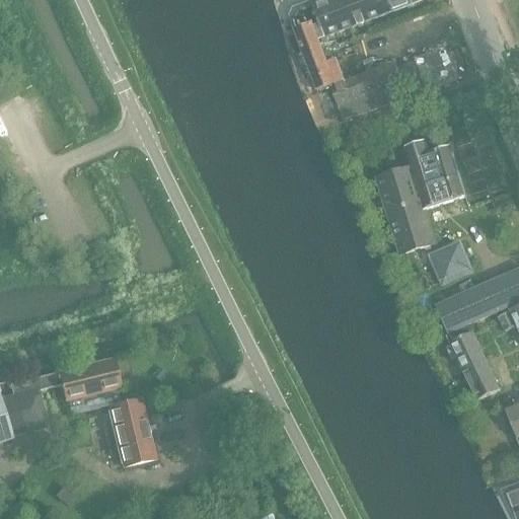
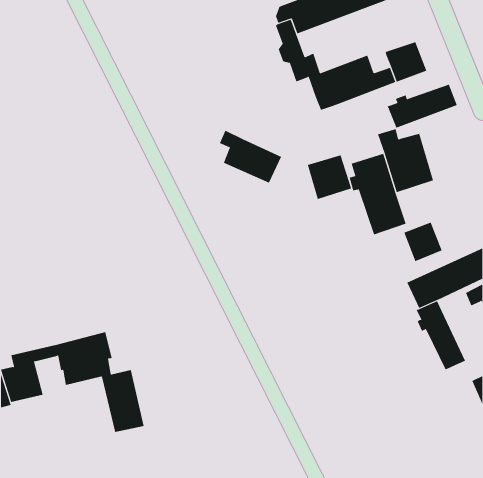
building: none -> [387,84,458,128]
building: none -> [219,130,282,184]
building: none -> [307,154,352,200]

